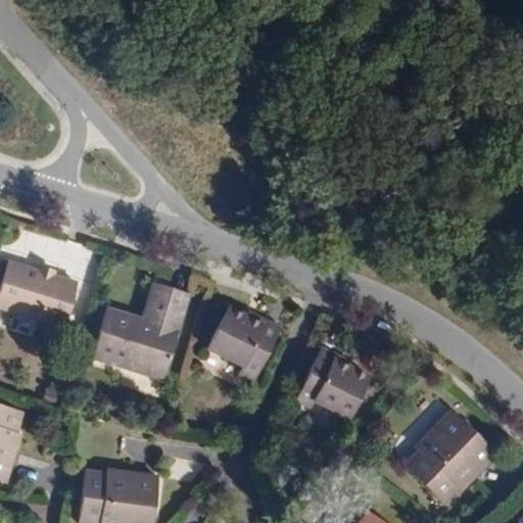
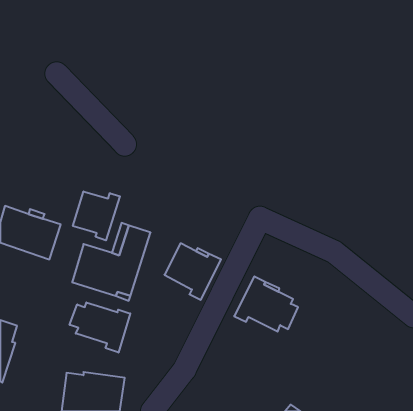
building: none -> [73,191,120,240]
building: none -> [70,302,130,353]
building: [406,408,496,500] -> none

